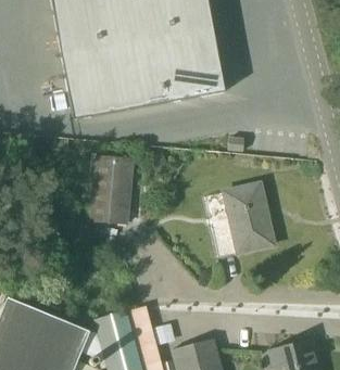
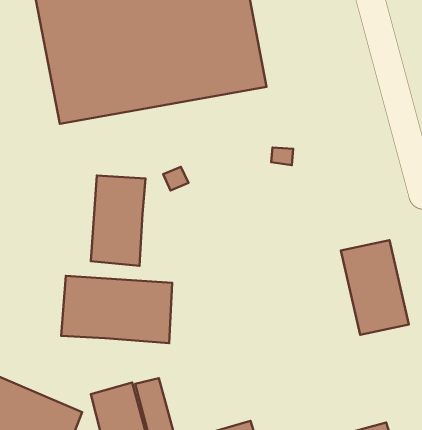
building: [223,182,273,252] -> [341,240,409,335]
building: none -> [61,276,172,343]

